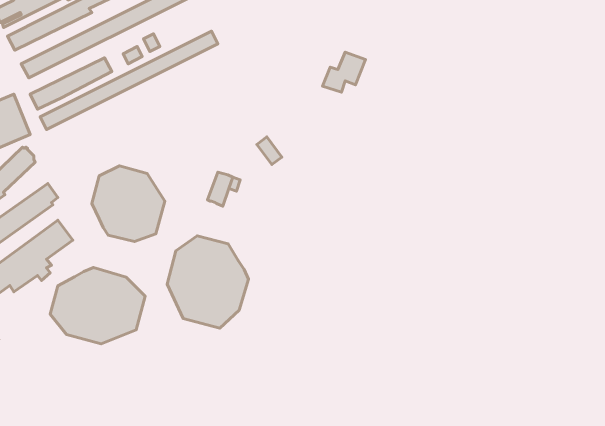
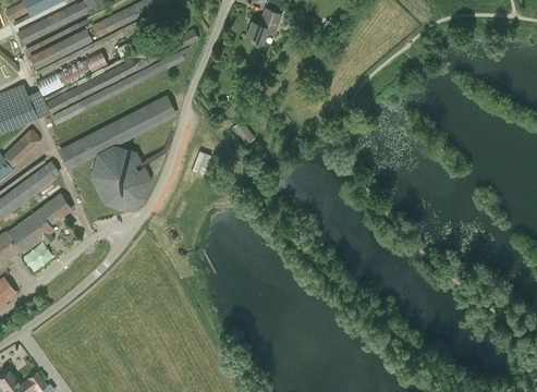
building: [323,52,365,92] -> [245,8,282,42]
building: none -> [57,95,176,171]
building: [167,236,249,328] -> none
building: [50,268,145,344] -> none

